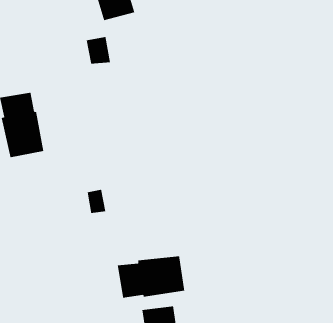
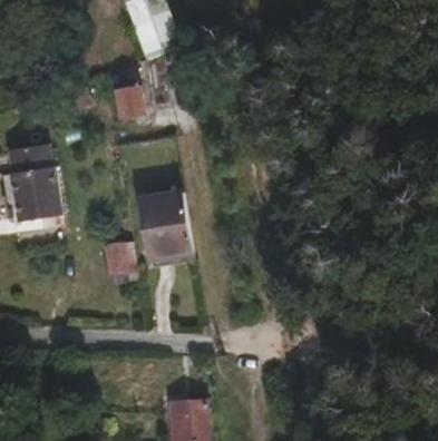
building: none -> [137,184,189,253]
building: [117,255,185,298] -> none

